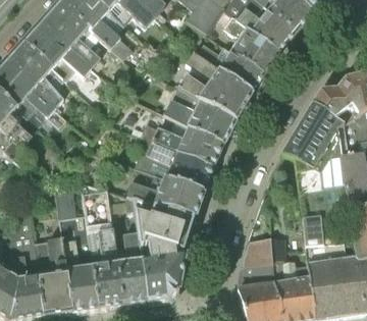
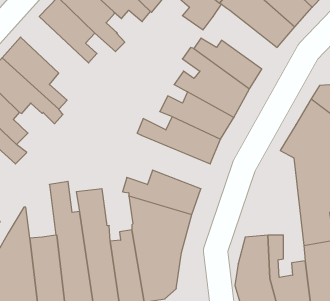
building: [224,14,279,72] -> none
building: [25,20,93,79] -> none
building: [142,138,213,191] -> none

